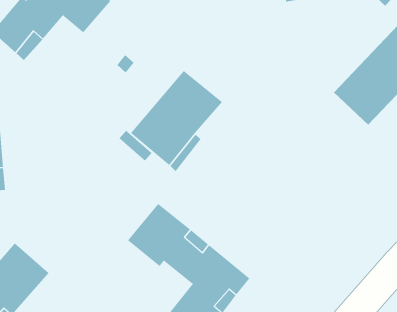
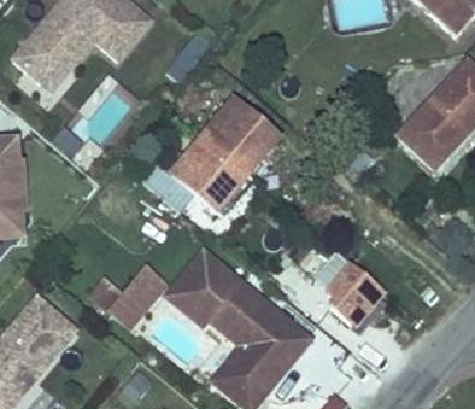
building: none -> [307,251,389,329]
building: none -> [89,265,172,333]

